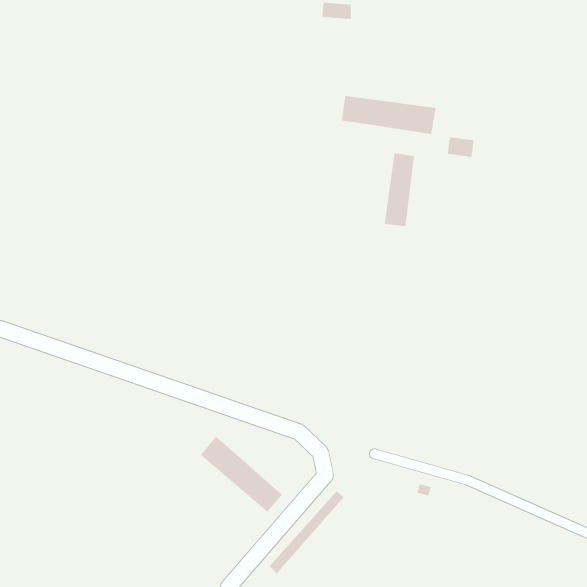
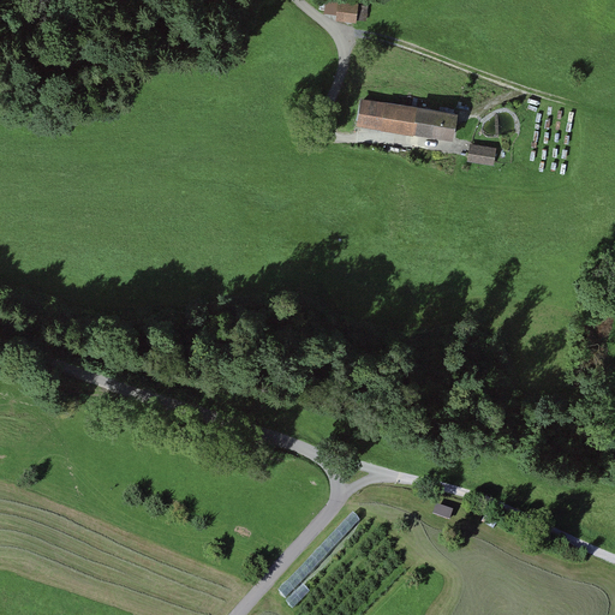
building: [384,153,415,227] -> none
building: [200,436,283,512] -> none

